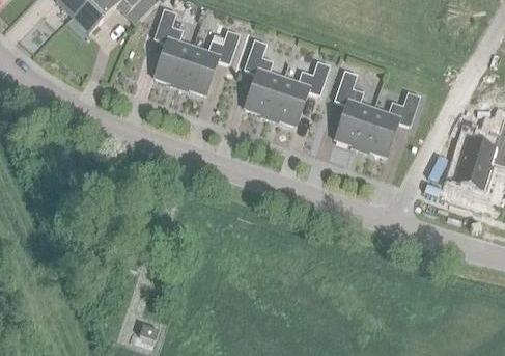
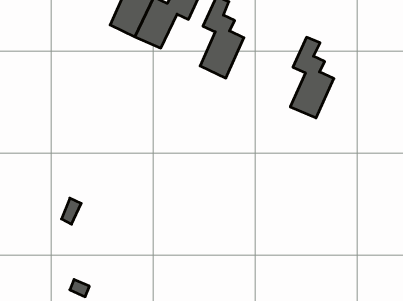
building: [271,61,330,126] -> none
building: [361,92,420,157] -> none

